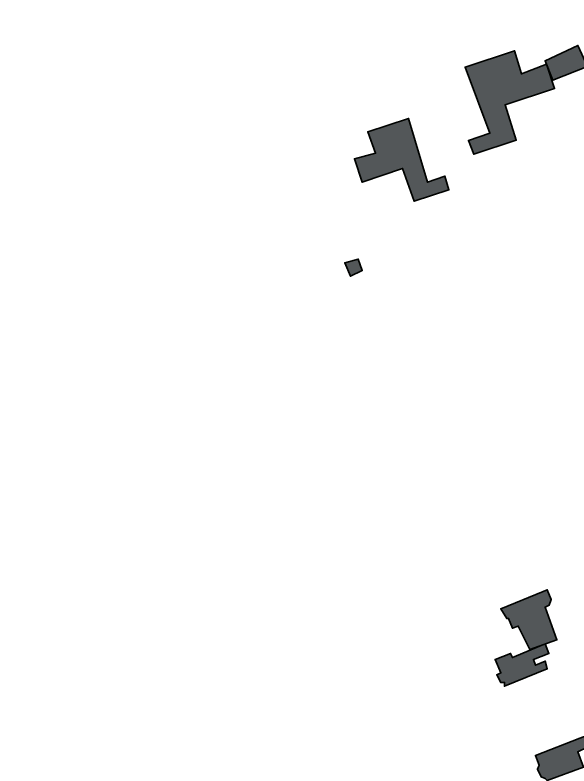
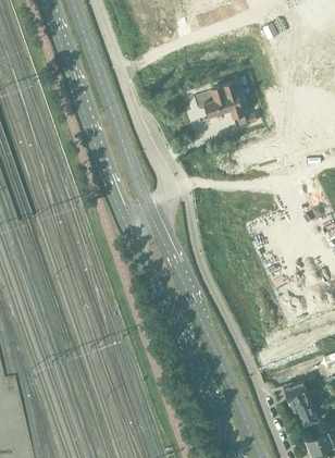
building: [465,51,555,154] -> none
building: [501,590,557,649] -> [289,392,321,425]

